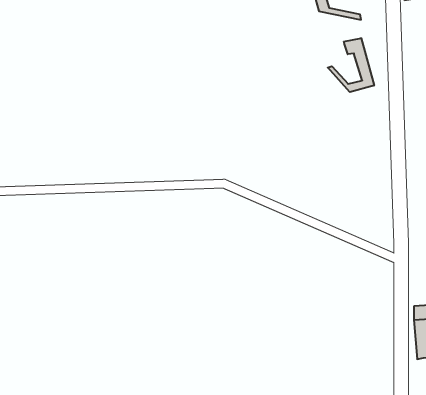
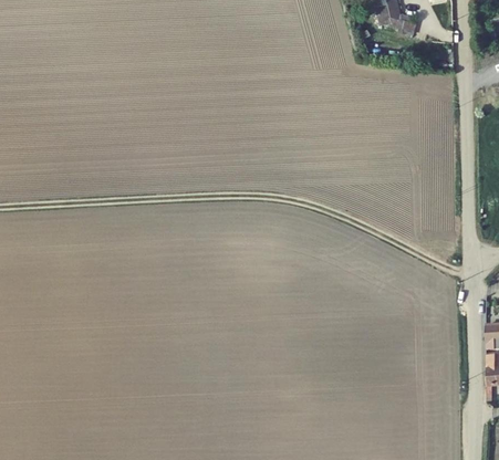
building: [328,38,374,92] -> none

